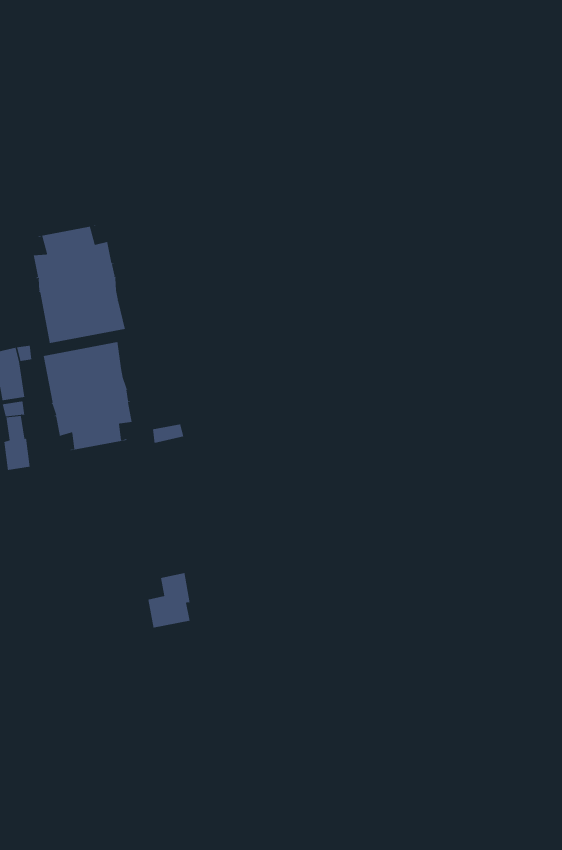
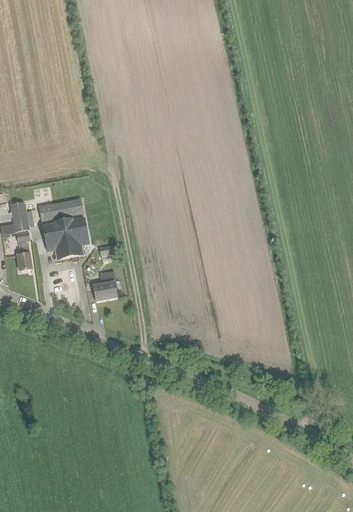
building: [33,225,126,344] -> none
building: [147,573,190,628] -> [93,270,117,301]

